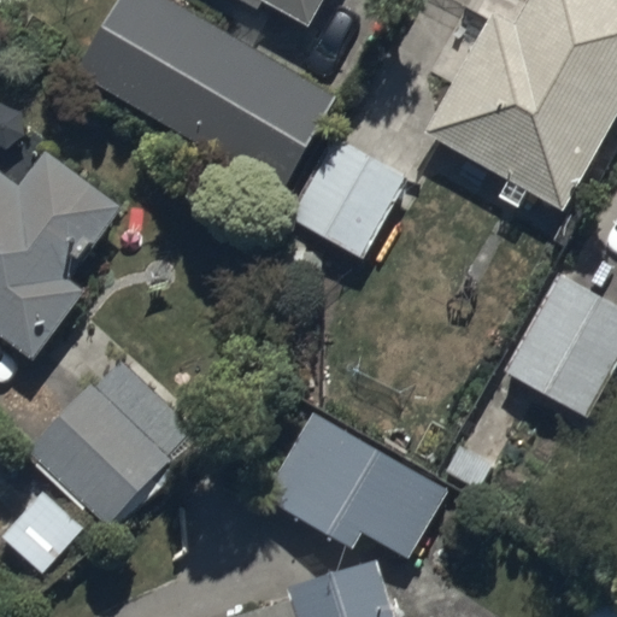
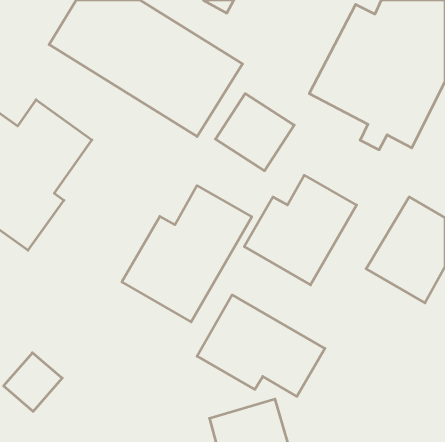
building: none -> [244,175,357,285]
building: none -> [122,186,252,322]
building: [27,355,195,527] -> none

